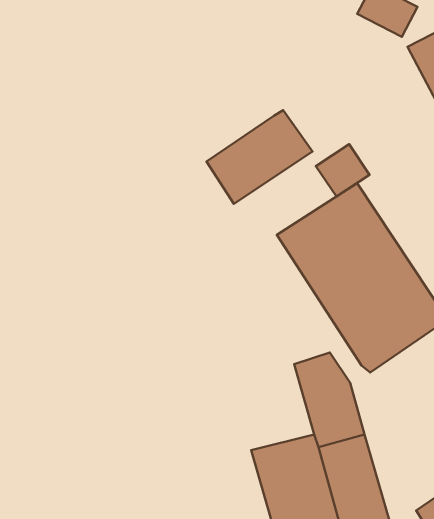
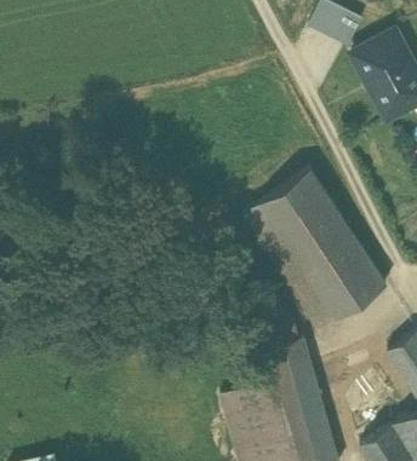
building: [207,110,313,204] -> none
building: [316,144,369,197] -> none

